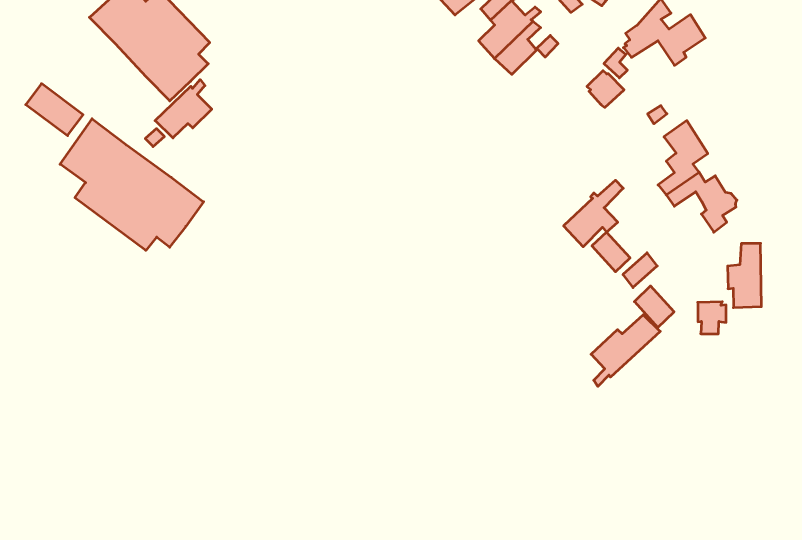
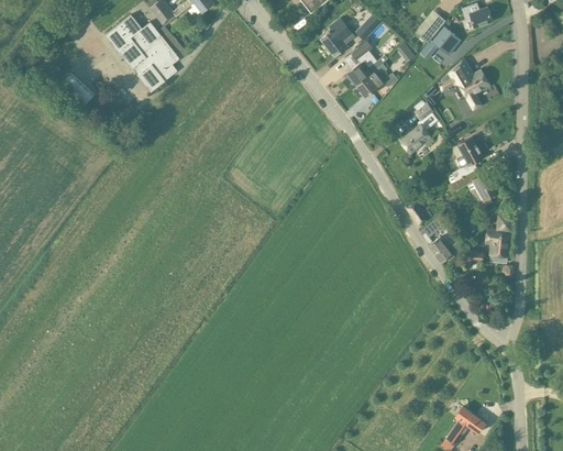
building: [155,80,212,138] -> none
building: [60,119,204,250] -> none
building: [564,180,623,247] -> [399,114,439,154]
building: [591,315,660,386] -> none

